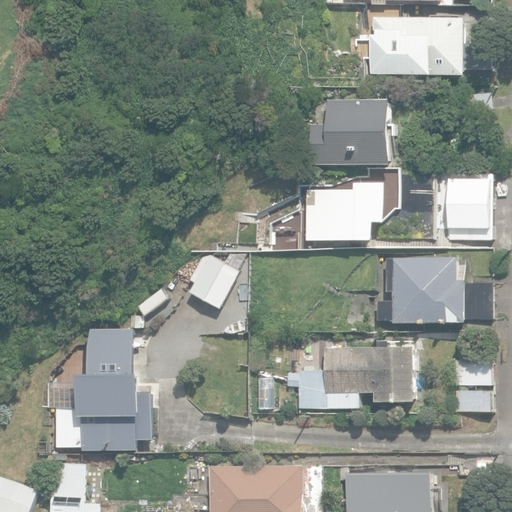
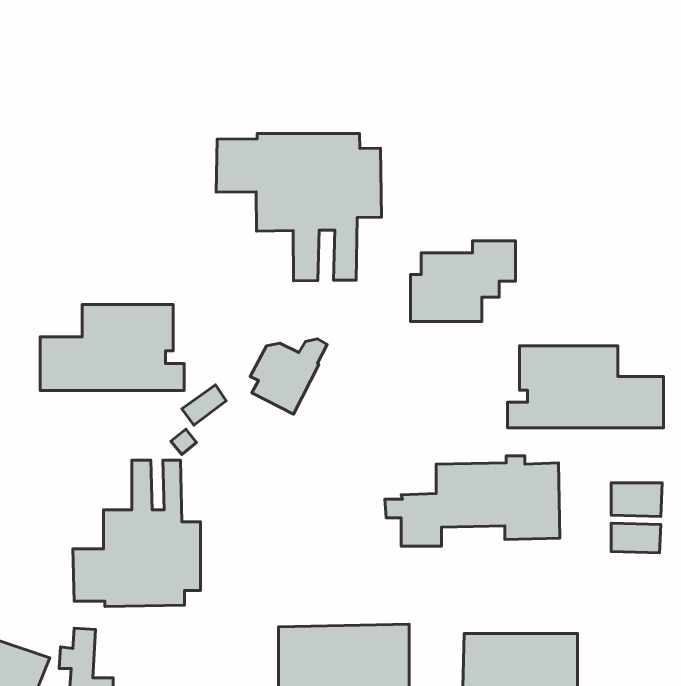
building: [371,17,491,75] -> none
building: [310,99,391,165] -> none
building: none -> [216,133,381,281]
building: [446,175,491,239] -> none
building: none -> [40,304,184,390]

